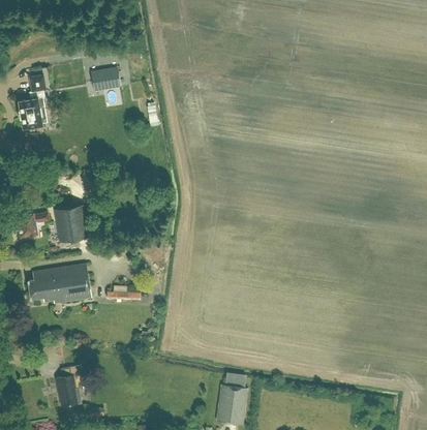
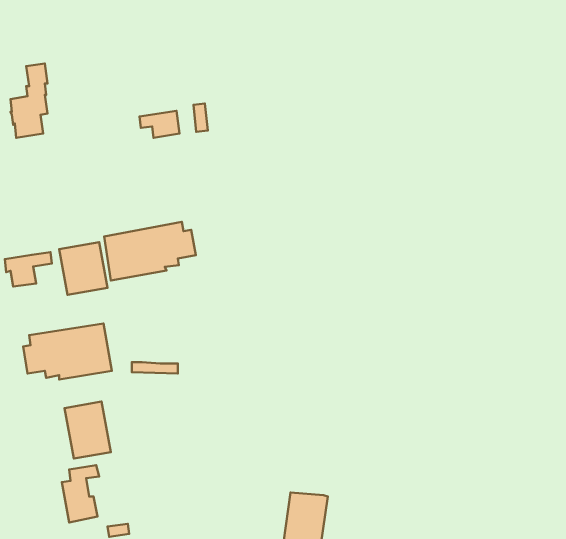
building: [90,68,119,88] -> [139,111,179,138]
building: none -> [104,222,196,281]
building: none -> [65,402,111,459]

